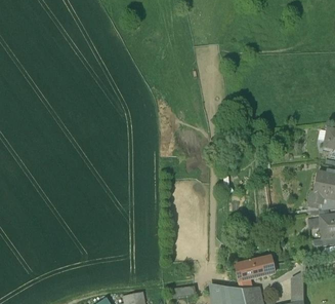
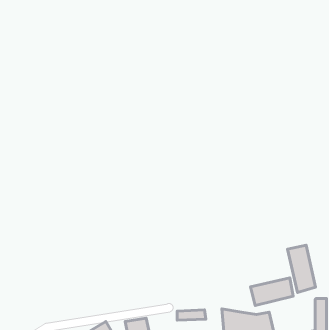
building: none -> [288,245,316,292]

